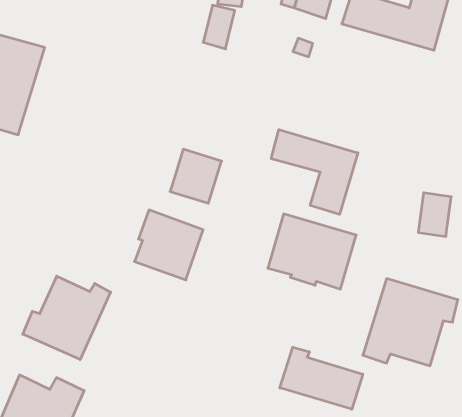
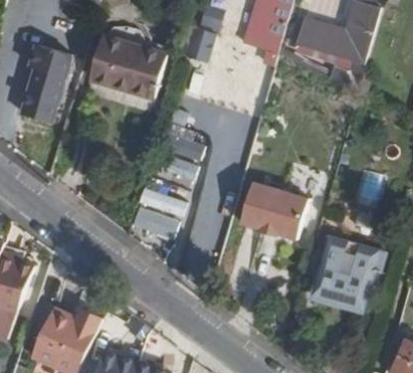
building: none -> [88,37,165,99]
building: [271,130,358,214] -> none
building: [23,276,111,360] -> none
building: [280,347,363,409] -> none

